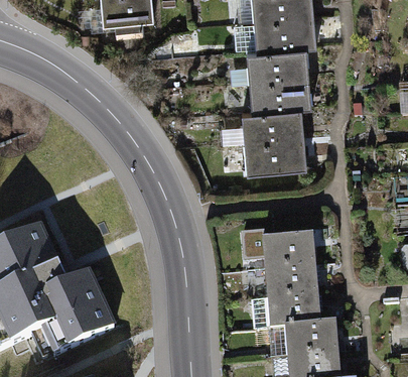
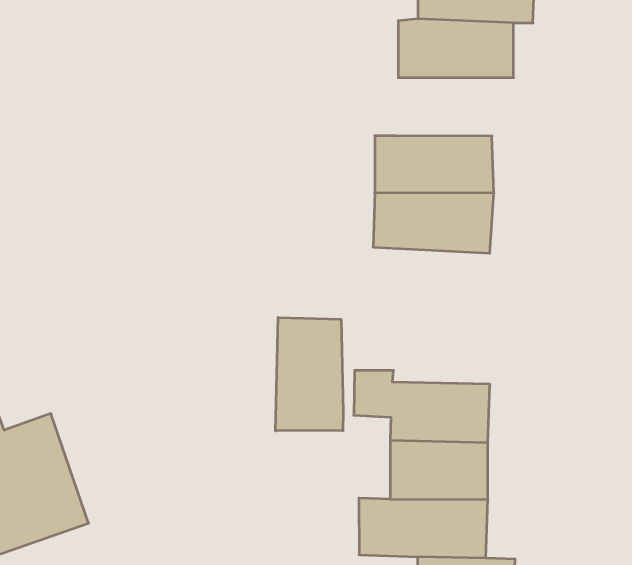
building: [250,71,311,107] -> none
building: none -> [276,317,343,431]

